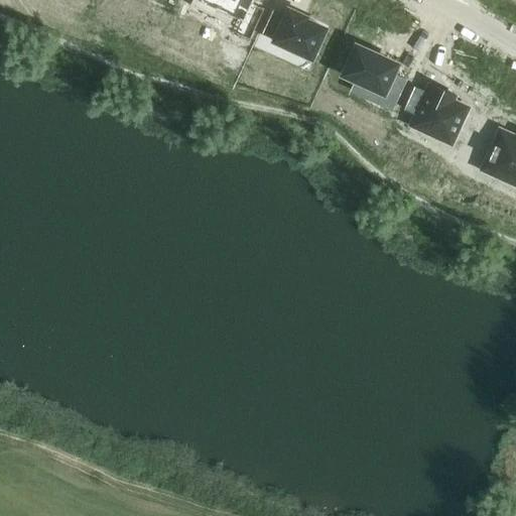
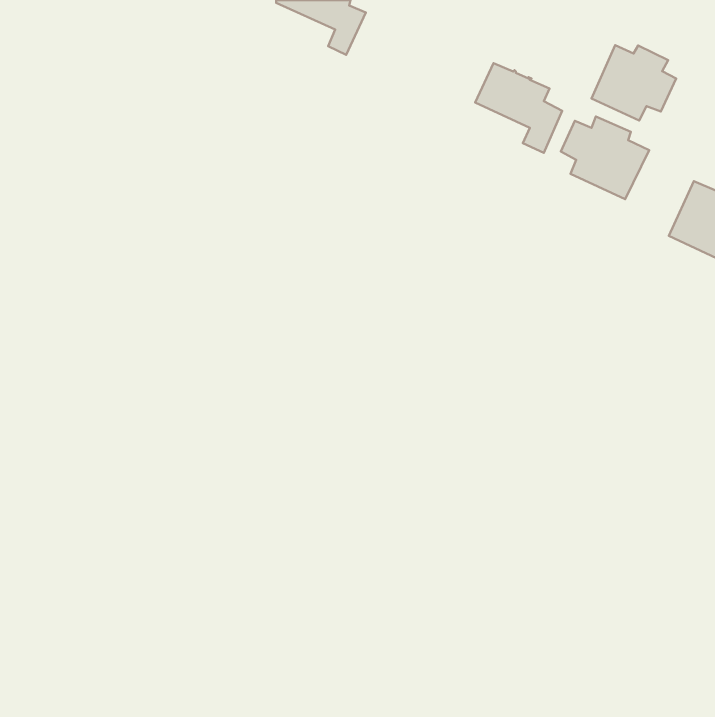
building: [263,9,324,56] -> none
building: none -> [592,45,676,121]

